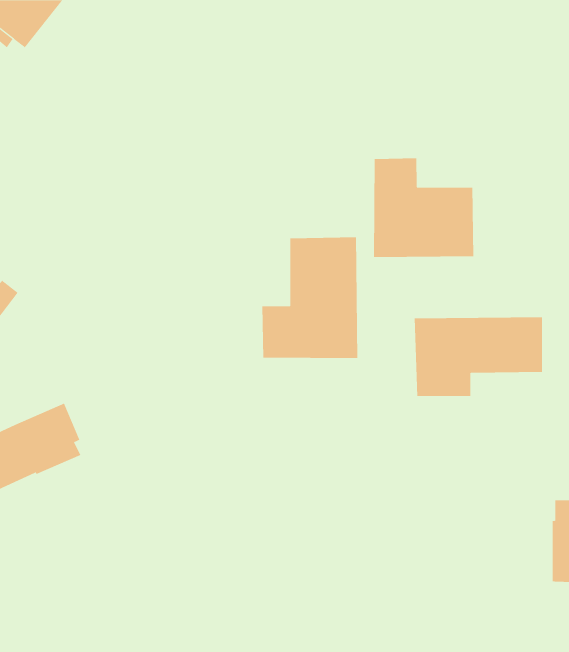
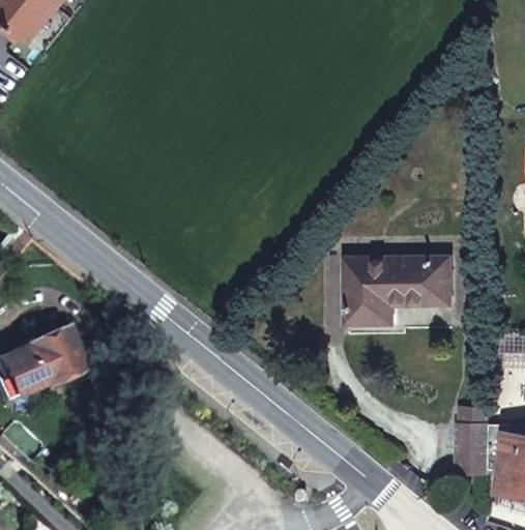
building: [374,157,474,258] -> none
building: [262,237,358,359] -> none

